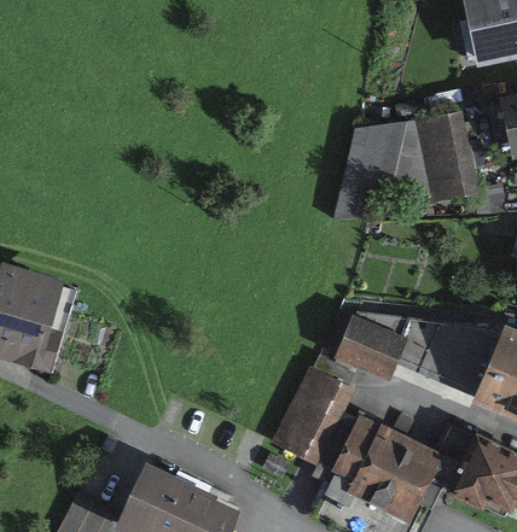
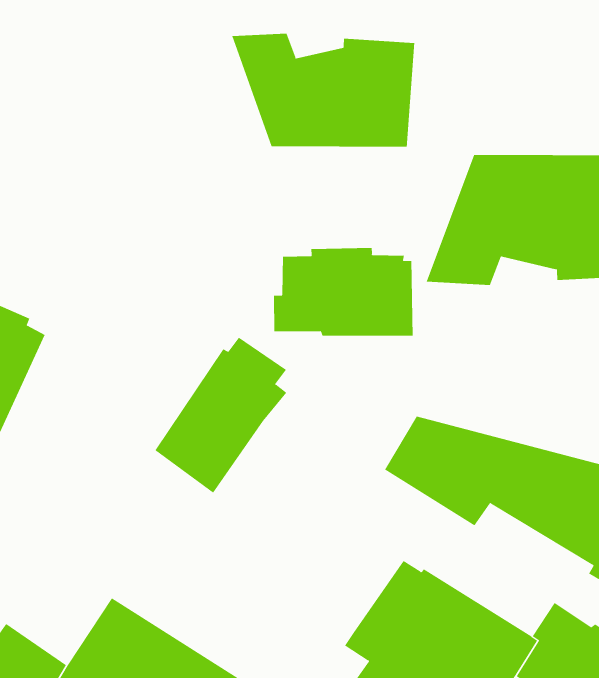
building: none -> [231,33,415,148]
building: none -> [274,247,413,337]
building: [271,356,356,466] -> [154,337,287,493]

